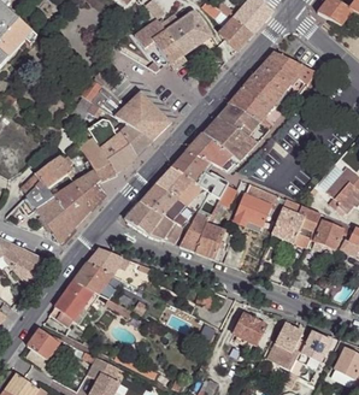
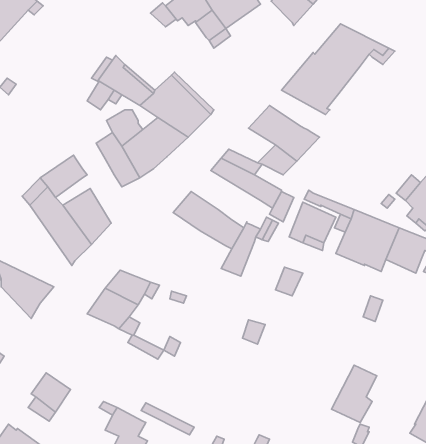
building: [217,104,259,135] -> none
building: [184,134,222,161] -> none
building: [154,167,210,213] -> none
building: [73,171,105,210] -> none
building: [123,201,182,243] -> none
building: [194,224,224,259] -> none
building: [48,282,93,328] -> none
building: [233,314,265,346] -> none
building: [300,331,330,362] -> none

